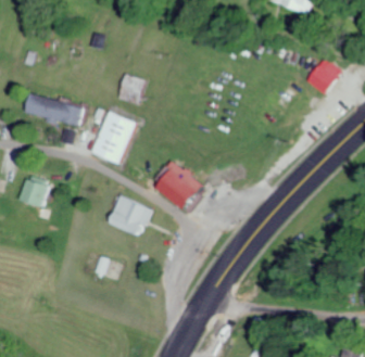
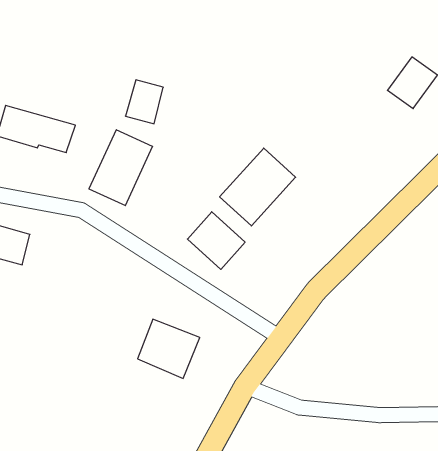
building: none -> [220,148,296,226]
building: [108,194,152,237] -> [138,319,200,378]

